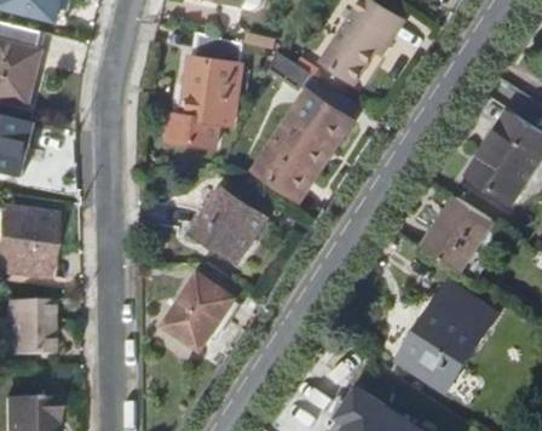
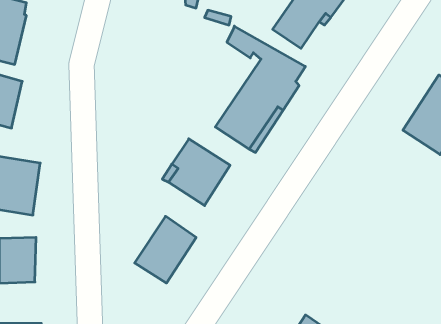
building: [158,34,236,148] -> none
building: [425,199,492,271] -> none
building: [399,283,495,390] -> none

